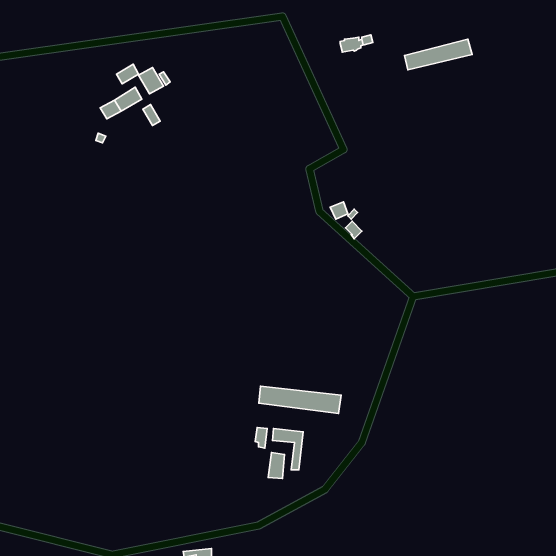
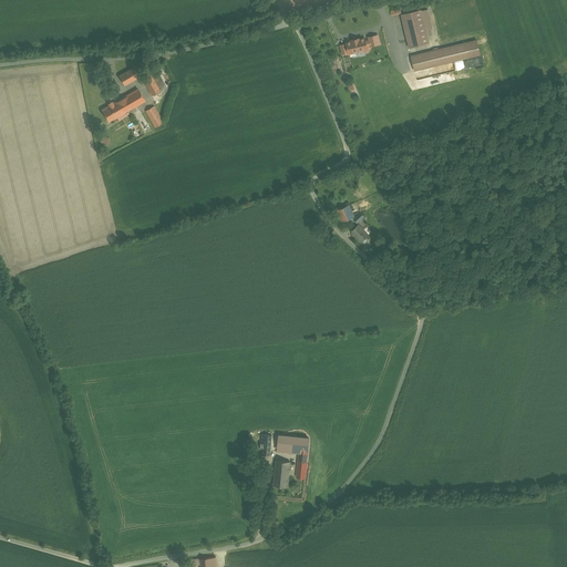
building: none -> [401,11,429,49]
building: [259,386,341,414] -> none

